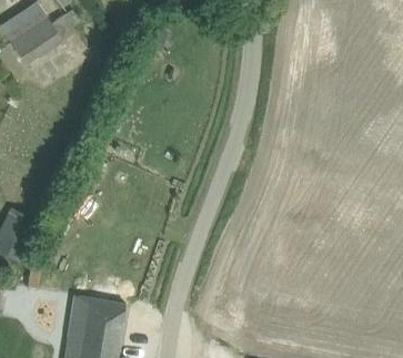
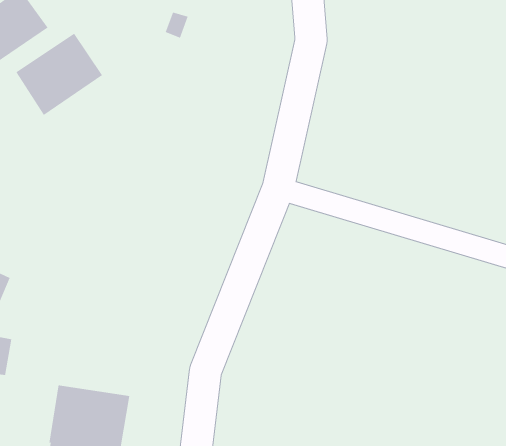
building: none -> [16,33,103,116]

